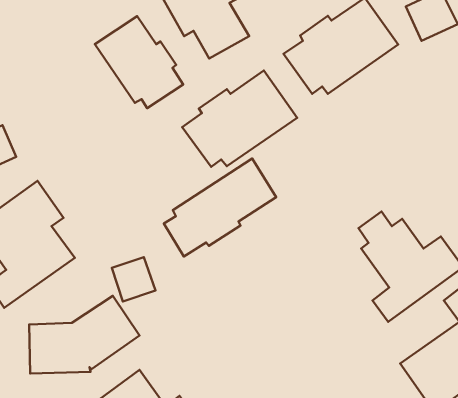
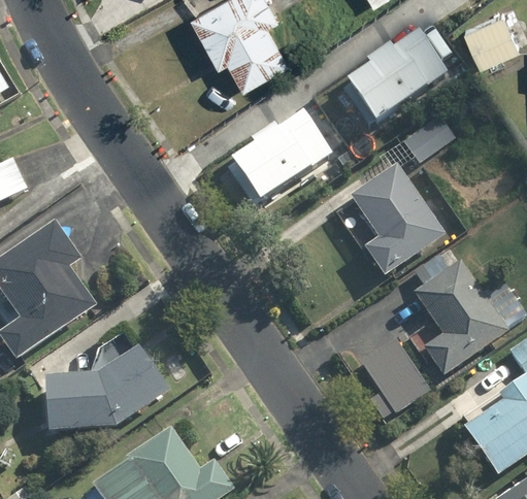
building: [95,16,183,108] -> none
building: none -> [352,112,457,275]
building: [164,159,276,257] -> none
building: [112,257,155,302] -> none

